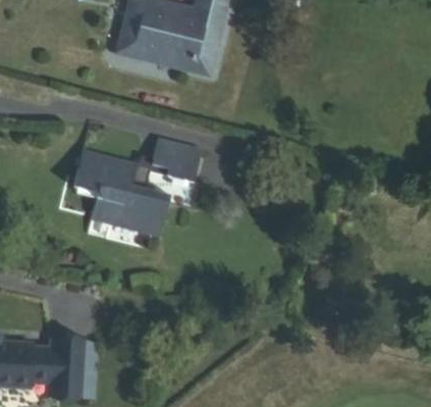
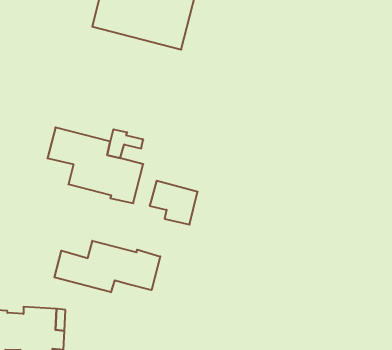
building: [154,139,203,184] -> [150,181,198,225]
building: none -> [54,241,160,292]

